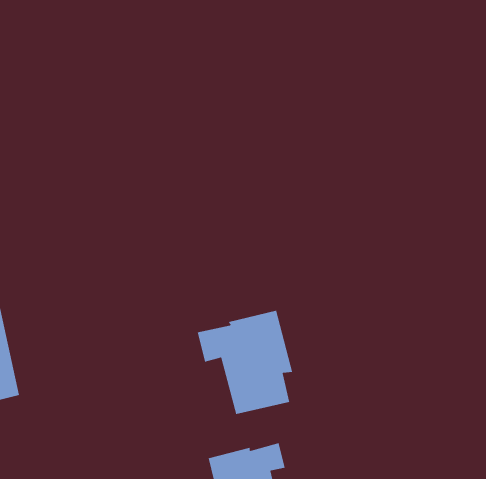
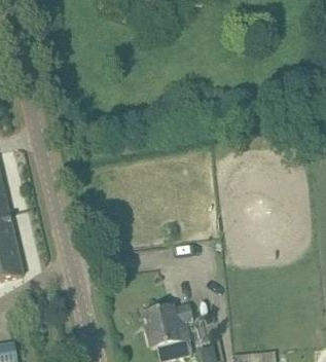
building: [197,310,293,415] -> none

